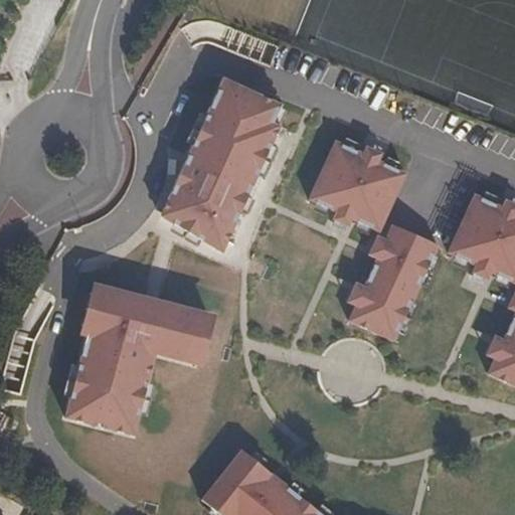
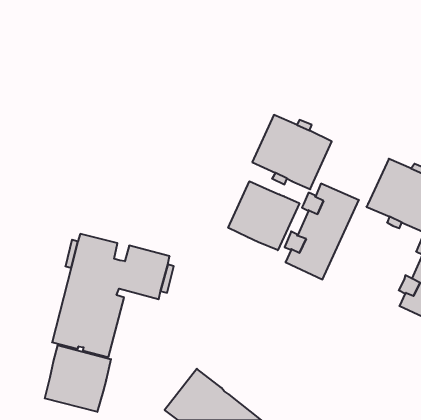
building: [160,76,281,250] -> none
building: none -> [228,181,299,250]
building: none -> [45,345,111,412]

